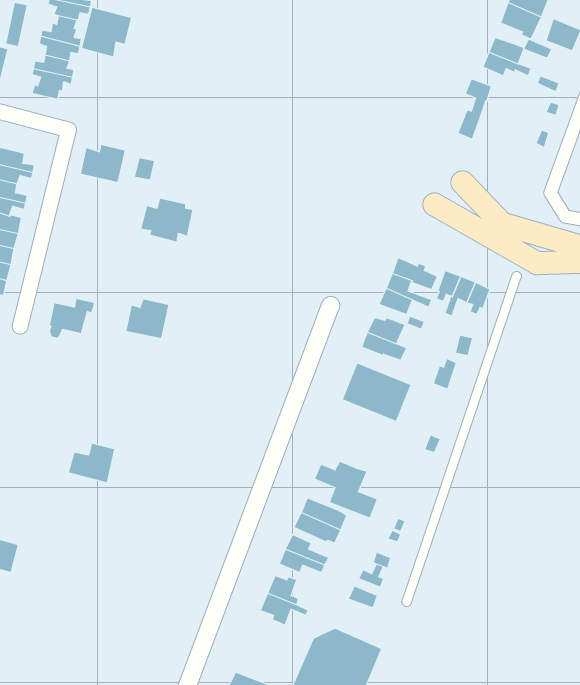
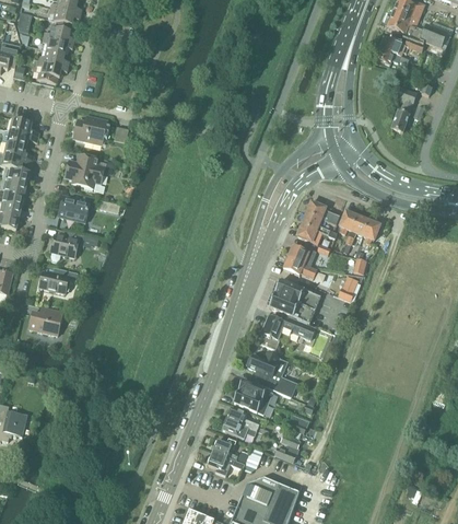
building: [82,7,132,57] -> none
building: [458,79,492,139] -> [391,88,416,132]
building: [141,198,193,242] -> [66,154,105,187]
building: [125,299,169,338] -> [58,191,91,221]
building: none -> [39,267,78,293]
building: none -> [259,316,315,349]
building: [68,443,115,483] -> [28,305,63,335]

